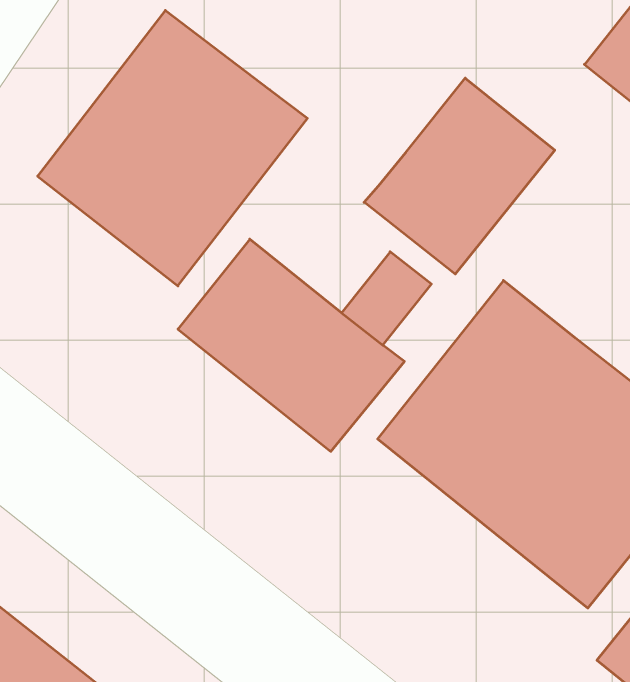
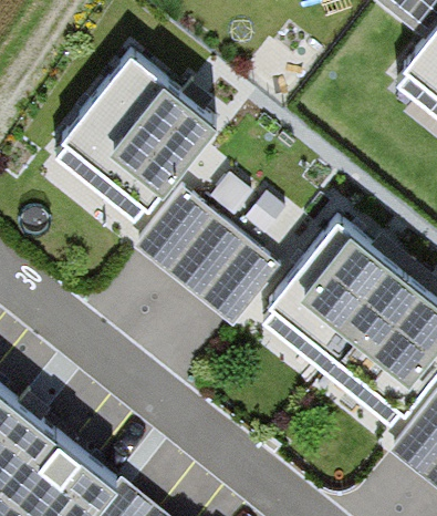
building: [364,78,555,274] -> none

